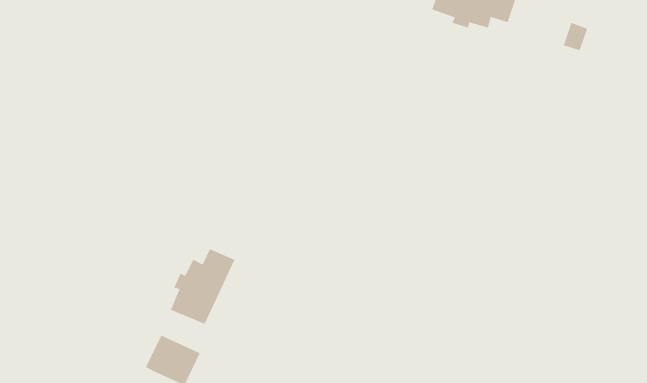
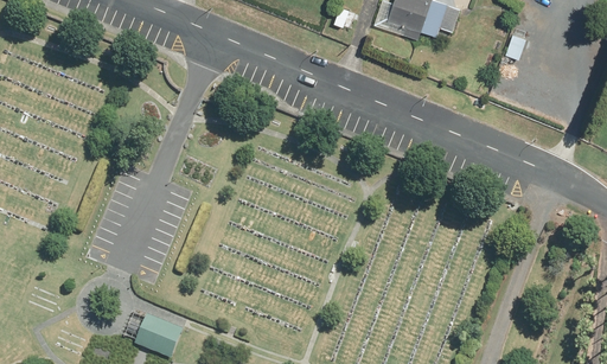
building: [170,248,236,325] -> none

